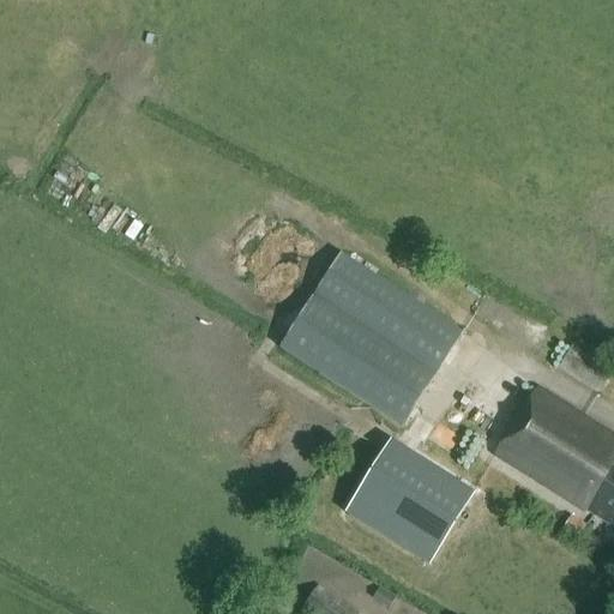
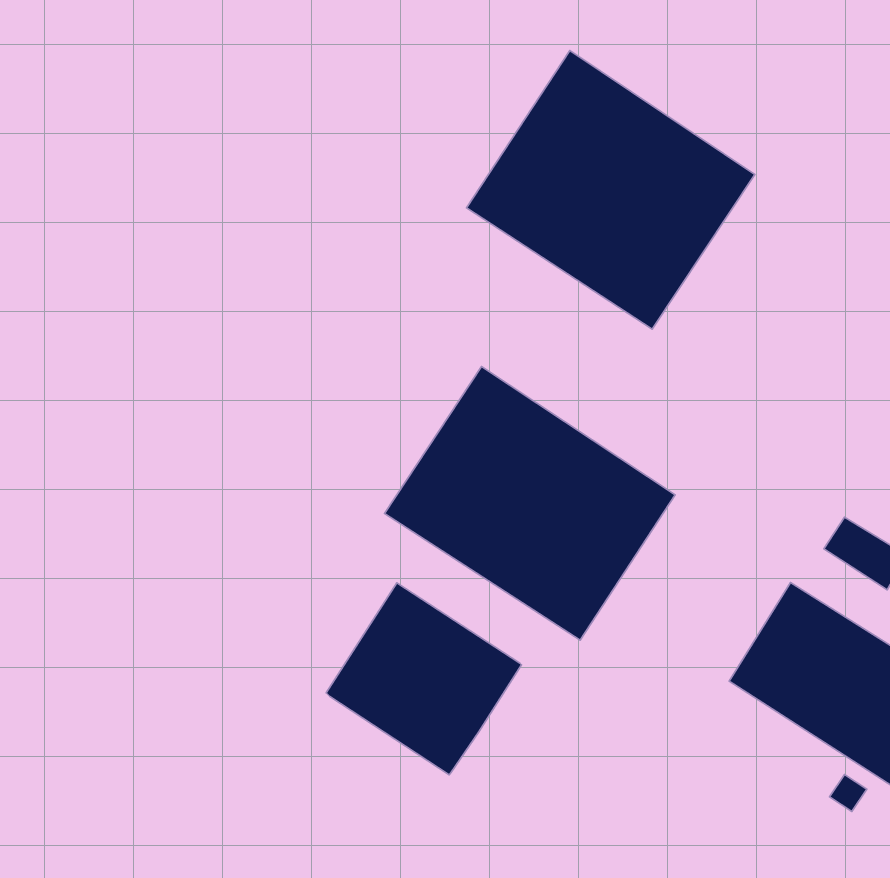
building: none -> [466,50,755,329]
building: [347,438,472,561] -> [326,583,522,775]

